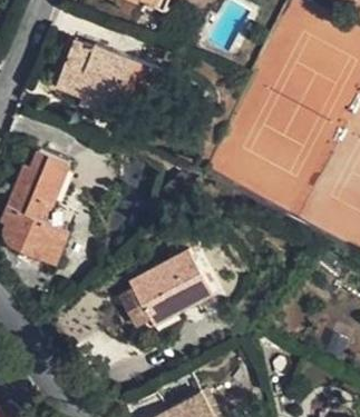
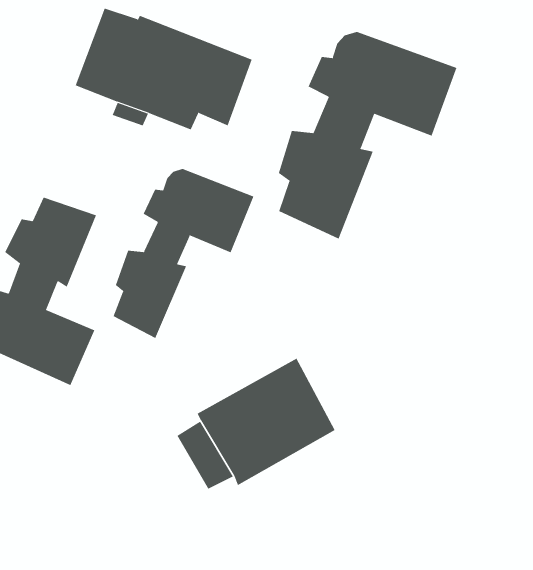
building: none -> [278,31,457,239]
building: none -> [113,168,254,339]

